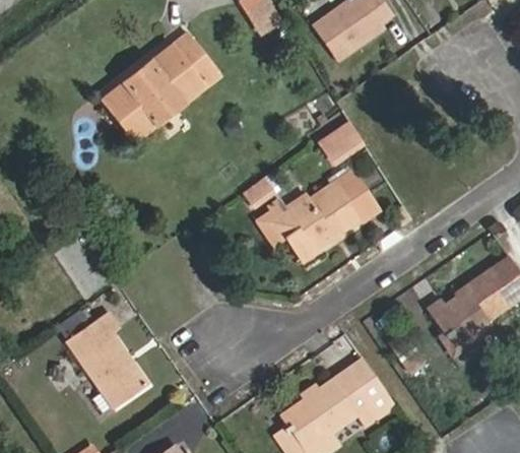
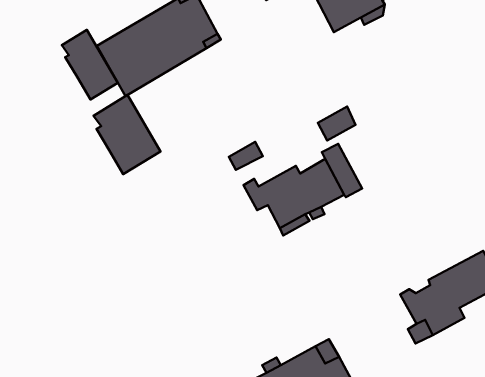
building: none -> [62,30,118,100]
building: none -> [94,95,160,174]
building: [64,314,145,409] -> none

